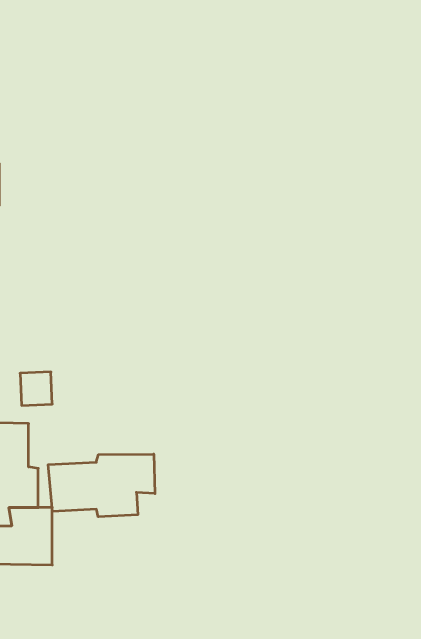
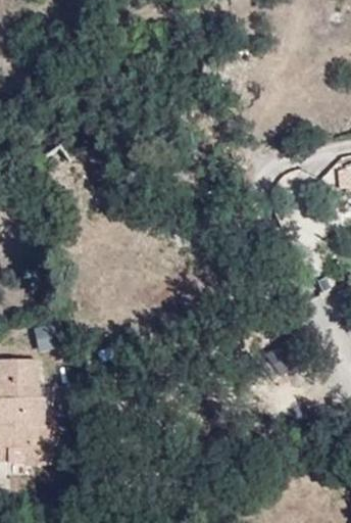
building: [48,454,155,517] -> none

